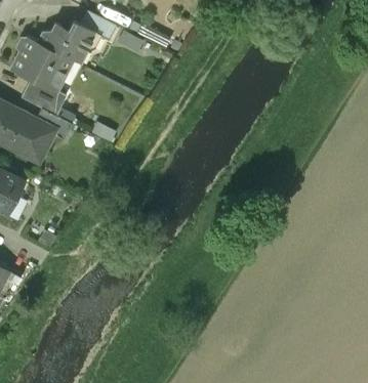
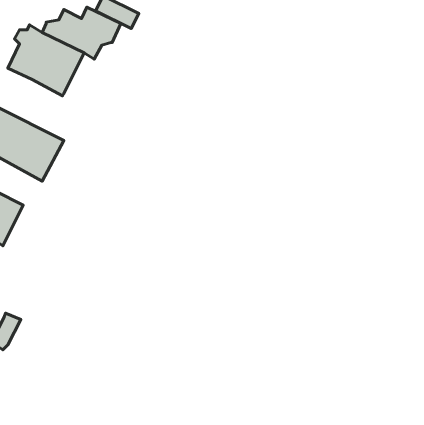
building: [21,79,65,115] -> none

